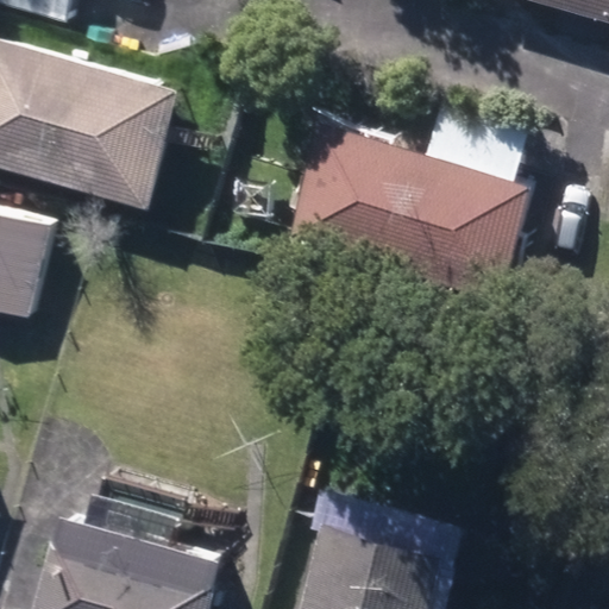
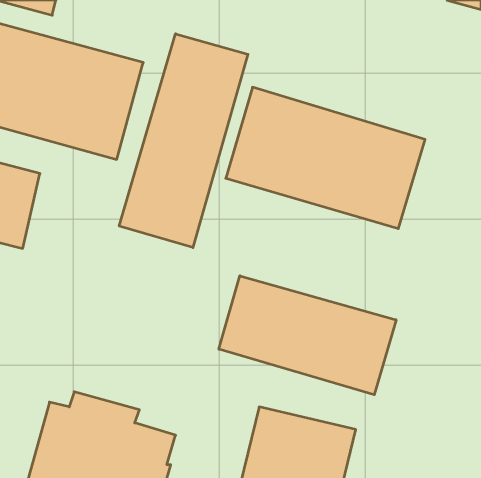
building: none -> [119,34,248,248]
building: none -> [219,276,396,395]

